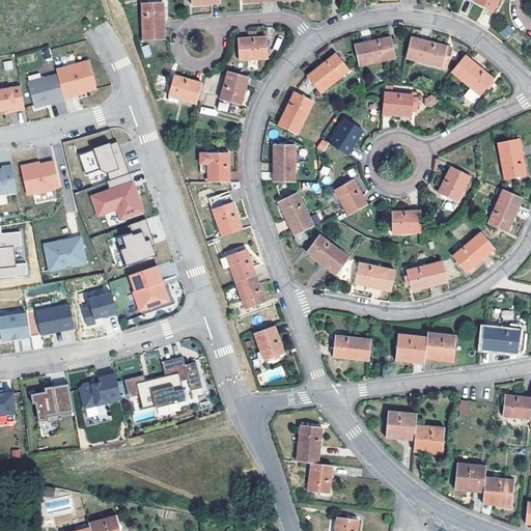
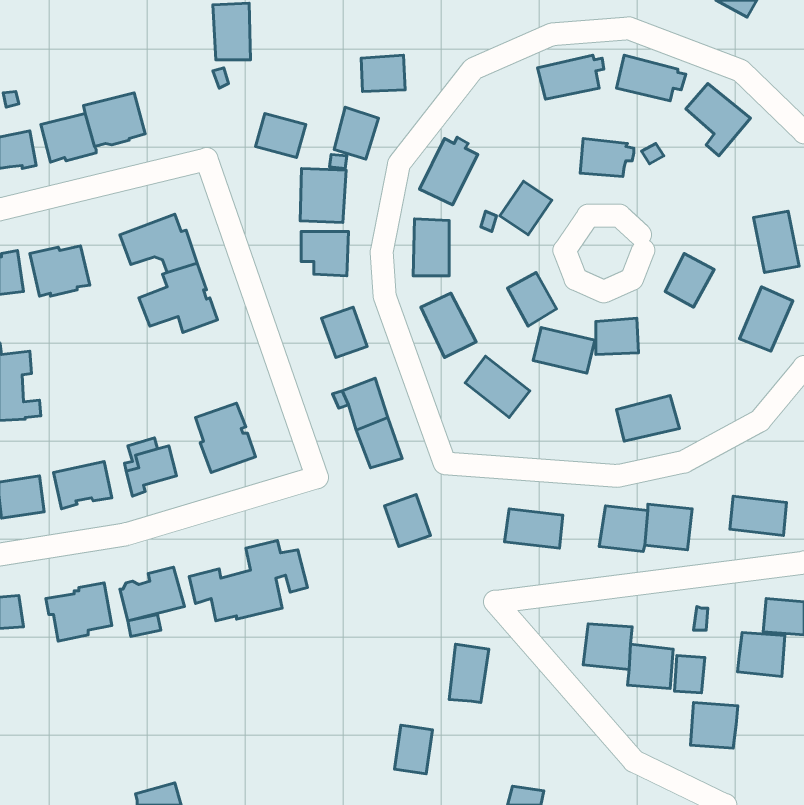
building: [306,53,348,93] -> none
building: none -> [300,169,346,222]
building: [116,218,156,266] -> none
building: [452,232,494,272] -> none
building: [44,236,85,270] -> none
building: [354,261,394,291] -> [533,327,595,373]
building: none -> [674,655,705,693]
building: [306,462,331,494] -> [395,725,432,774]
building: [481,477,512,506] -> [738,632,785,676]

